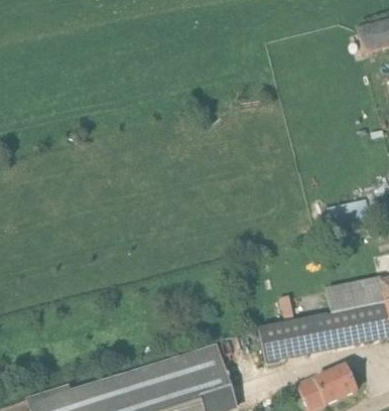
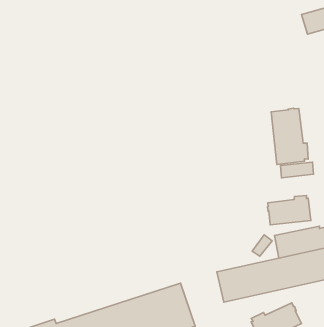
building: none -> [271,108,308,164]
building: none -> [267,195,311,225]

